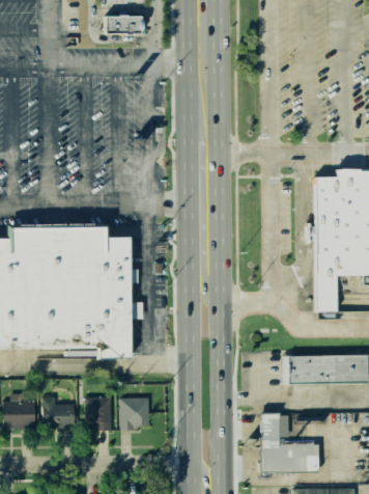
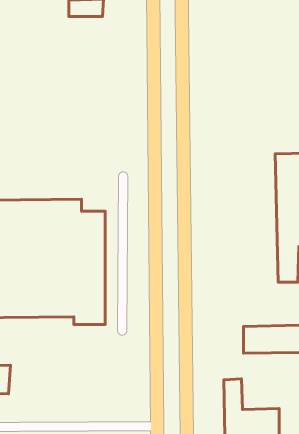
building: [40,393,76,427] -> none
building: [118,393,150,430] -> none
building: [83,394,112,428] -> none

